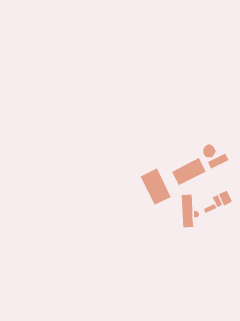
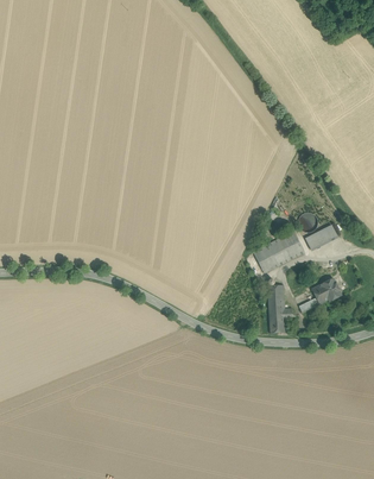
building: [140,167,171,206] -> none

